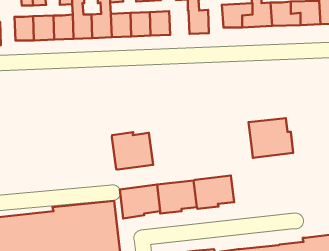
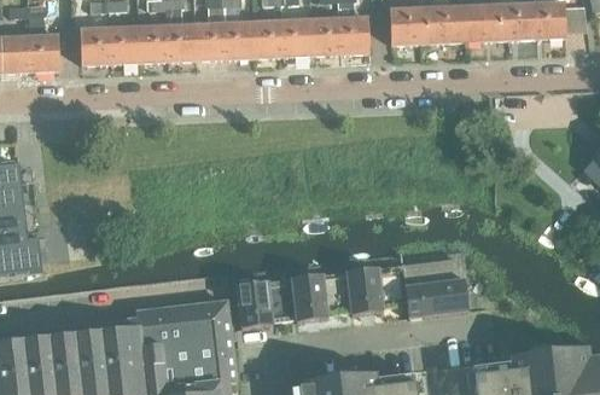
building: none -> [309,17,339,53]
building: [249,118,293,158] -> [401,257,467,316]
building: [112,132,153,170] -> none

